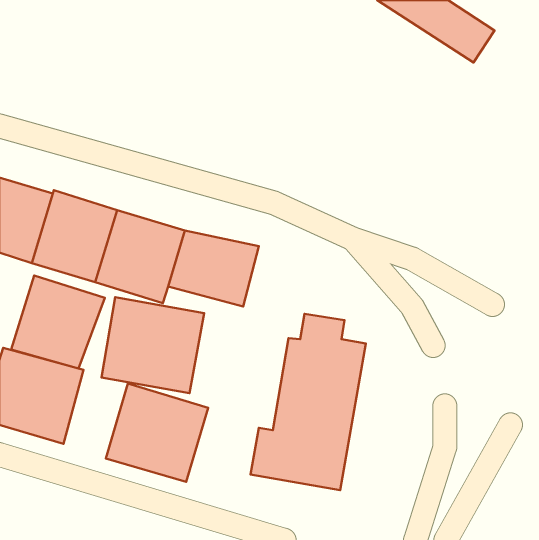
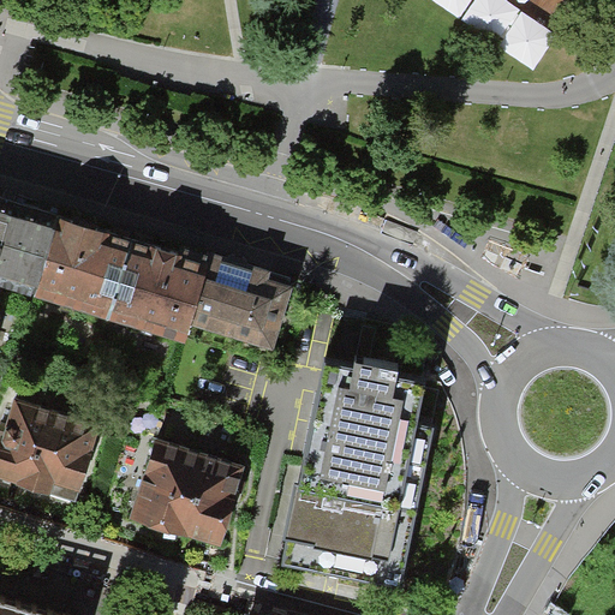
building: [11,276,105,368] -> none
building: [101,297,204,393] -> none

